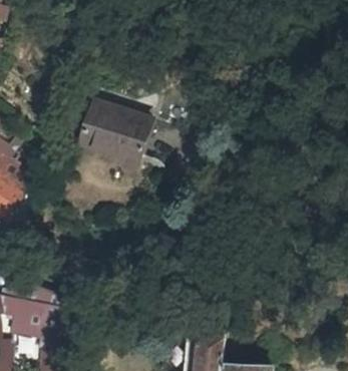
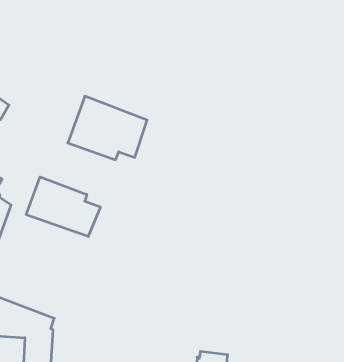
building: none -> [26,177,100,237]

